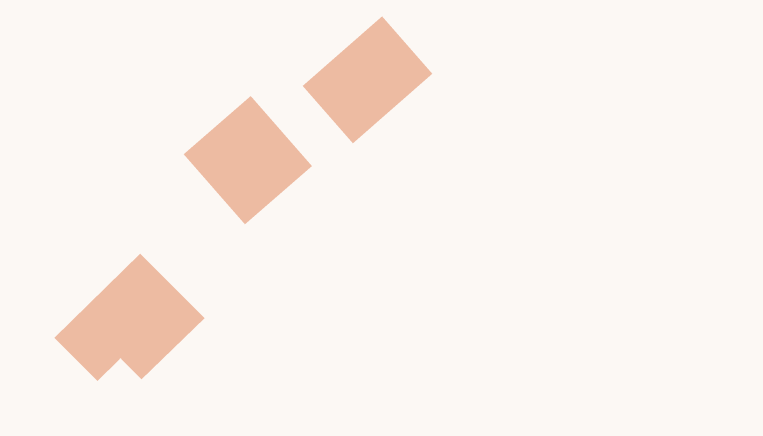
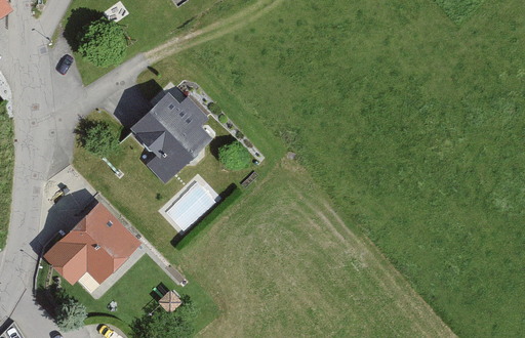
building: [301,15,433,145] -> none

